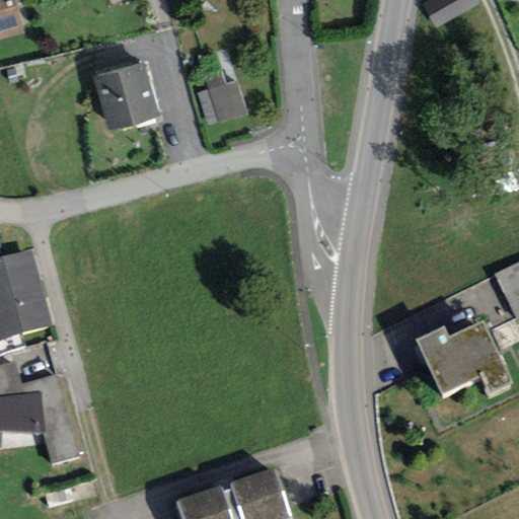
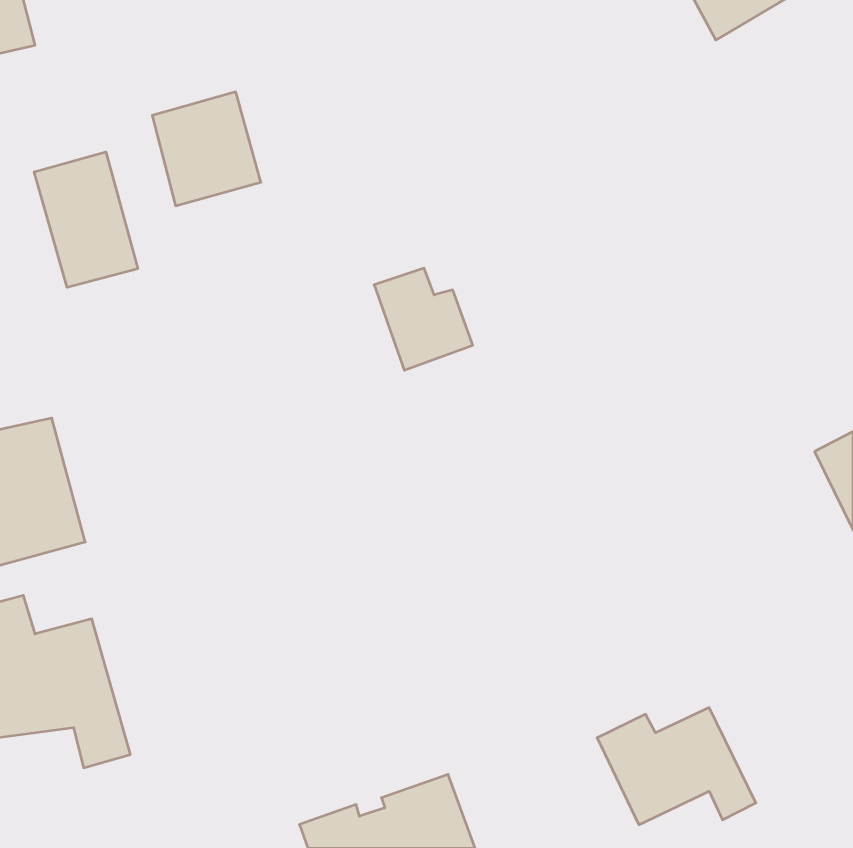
building: [190,61,249,123] -> [374,268,473,370]
building: none -> [34,152,138,287]
building: [414,328,510,399] -> [597,708,756,825]

